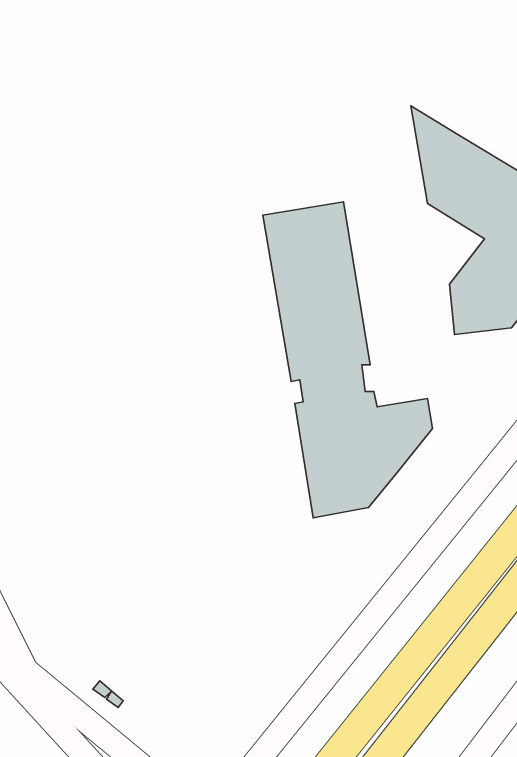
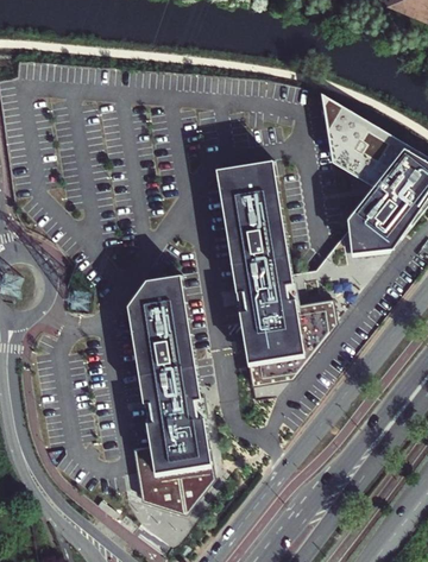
building: none -> [127,276,213,513]

